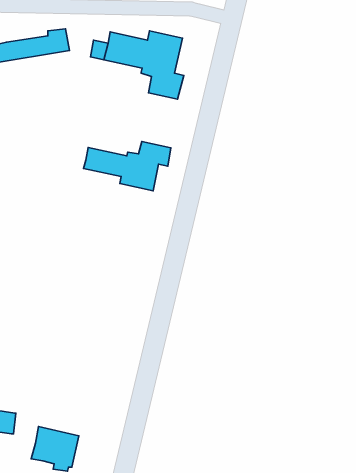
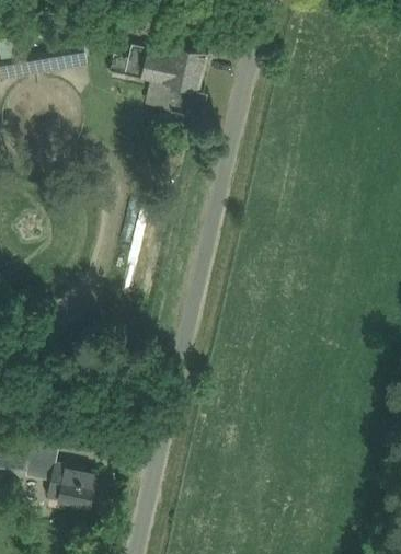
building: [84,141,171,191] -> none
building: none -> [24,445,57,482]

